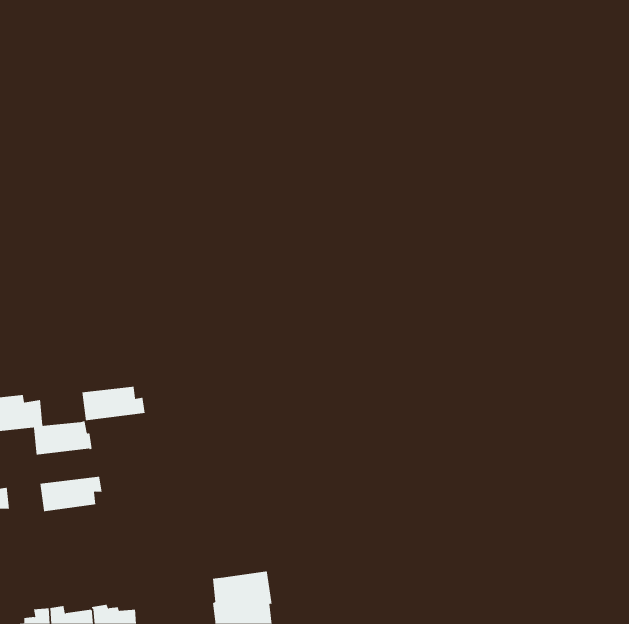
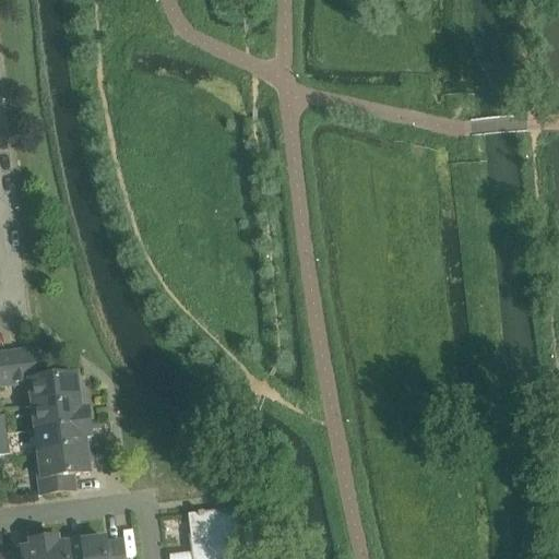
building: [81,386,146,421] -> [32,397,88,428]
building: none -> [35,445,90,492]

